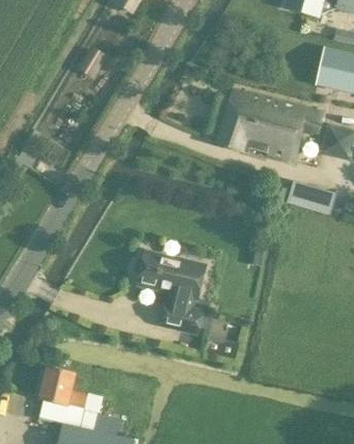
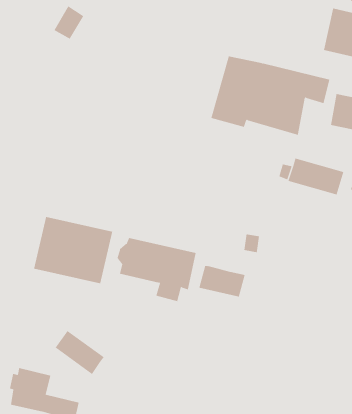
building: none -> [33,216,113,284]
building: [159,303,200,331] -> [199,266,245,297]
building: none -> [55,330,104,375]

